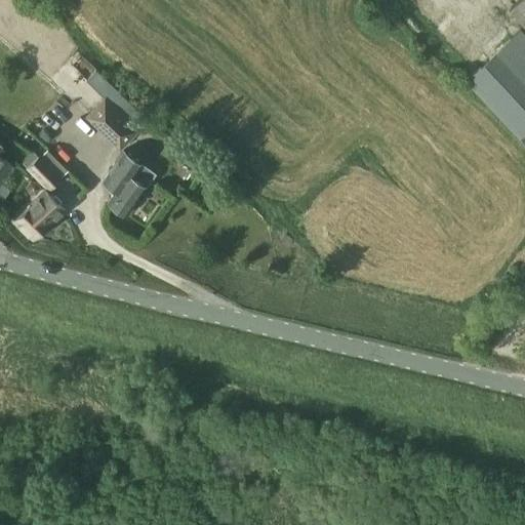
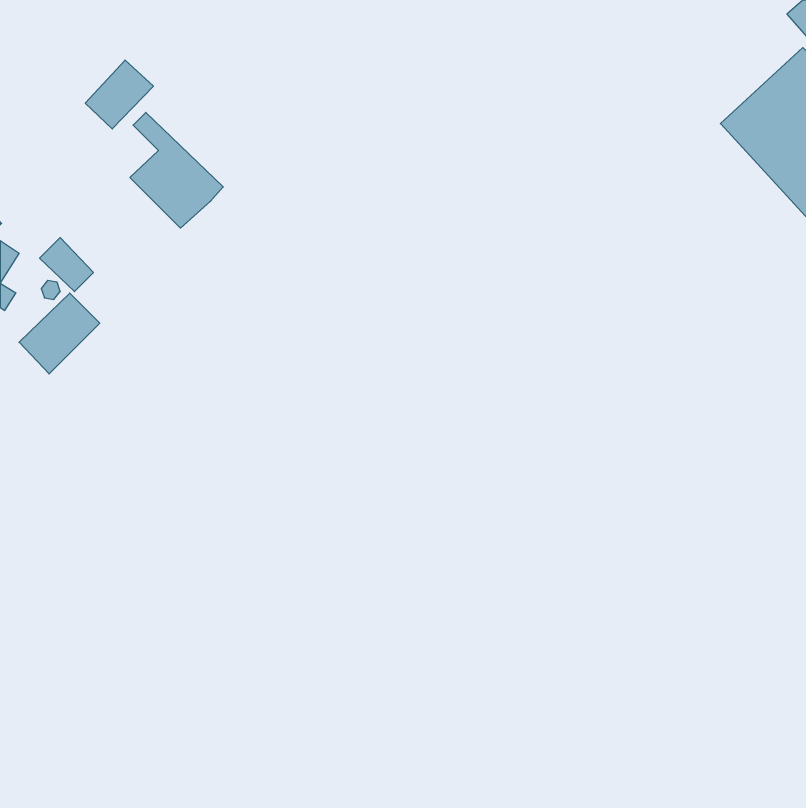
building: none -> [85,60,153,129]
building: [108,153,156,215] -> none

